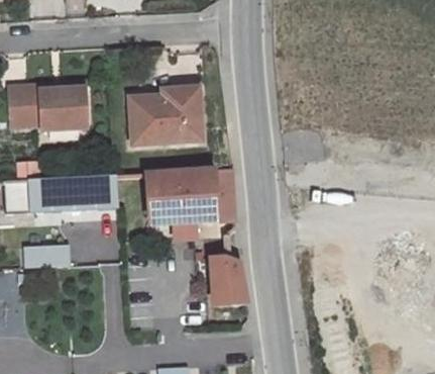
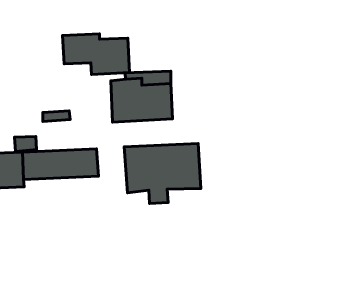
building: [7,84,84,130] -> [63,34,130,74]
building: [21,246,72,268] -> none
building: [205,257,243,305] -> none

